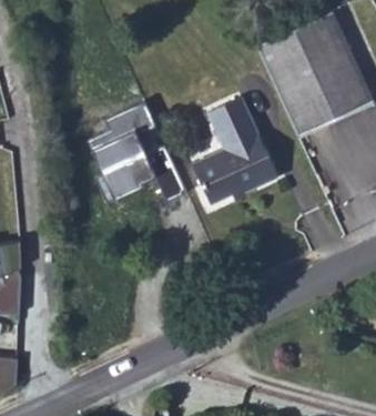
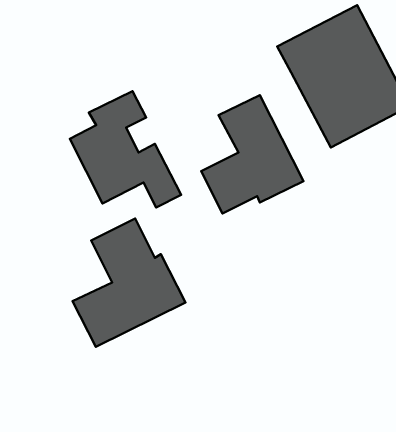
building: none -> [72,219,186,347]

